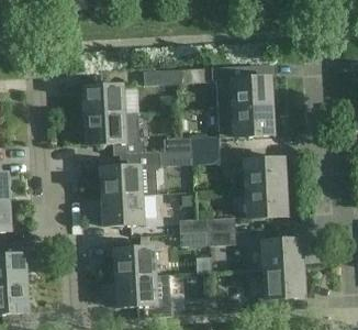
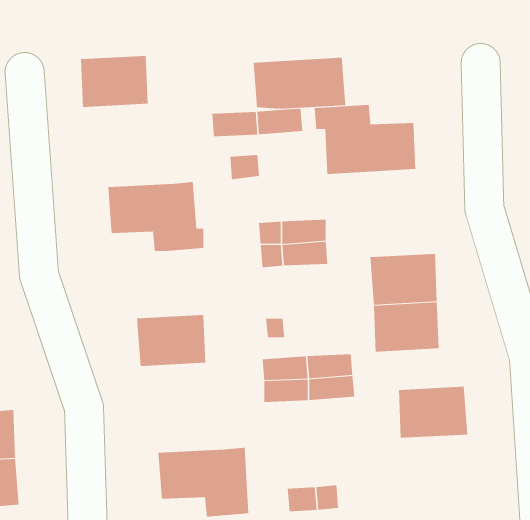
building: [83,84,125,116] -> [80,55,148,107]
building: [219,105,276,136] -> [253,57,346,109]
building: [101,153,160,196] -> none
building: [114,246,156,278] -> none
building: [259,267,306,310] -> none

